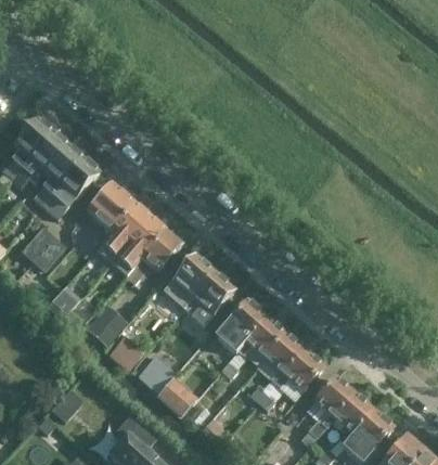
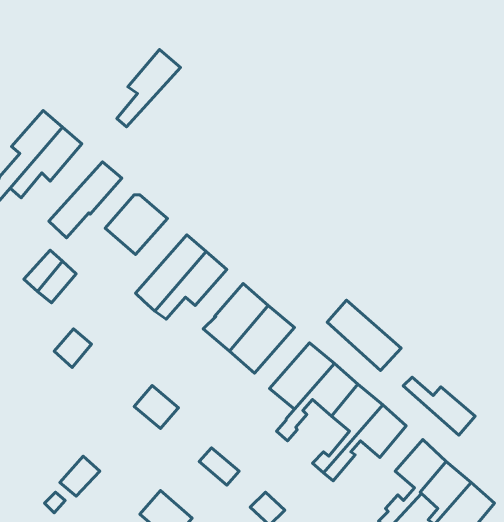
building: [35,144,85,205] -> [117,49,180,127]
building: [95,203,151,261] -> none
building: none -> [327,300,401,371]
building: [81,305,126,345] -> none
building: none -> [403,377,475,435]
building: [138,354,175,391] -> none

